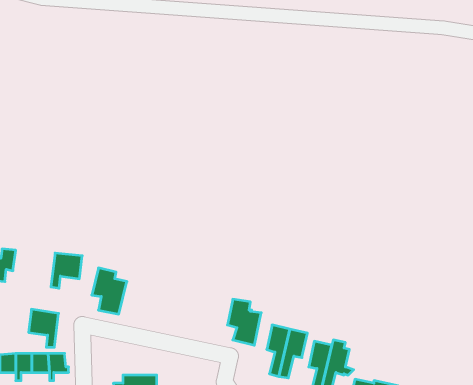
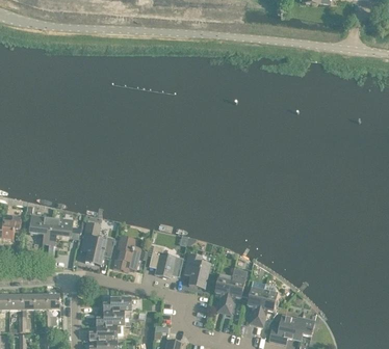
building: none -> [111,237,140,269]
building: none -> [149,244,182,276]
building: [29,309,59,347] -> [28,214,51,243]
building: none -> [102,295,131,311]

